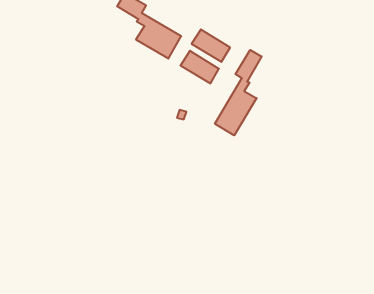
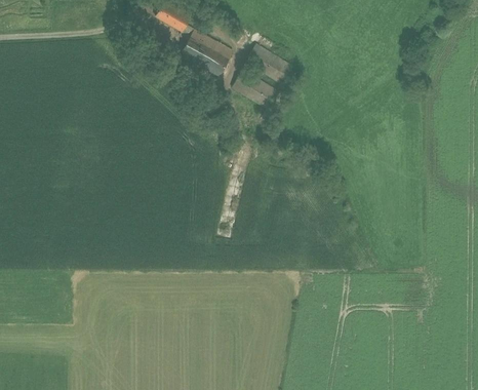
building: [215,50,262,135] -> none

